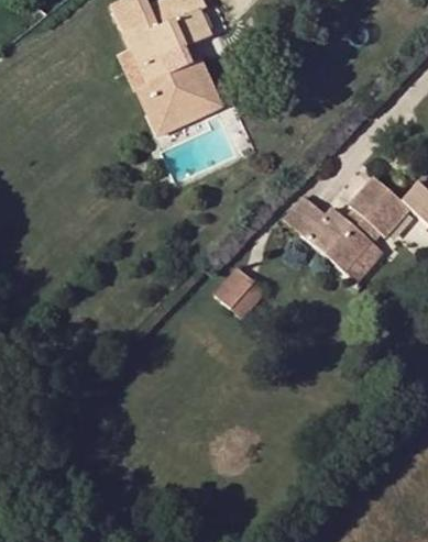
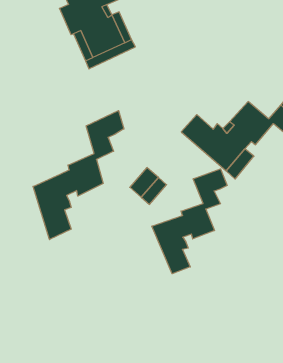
building: none -> [33,111,124,240]
building: none -> [152,169,227,274]

